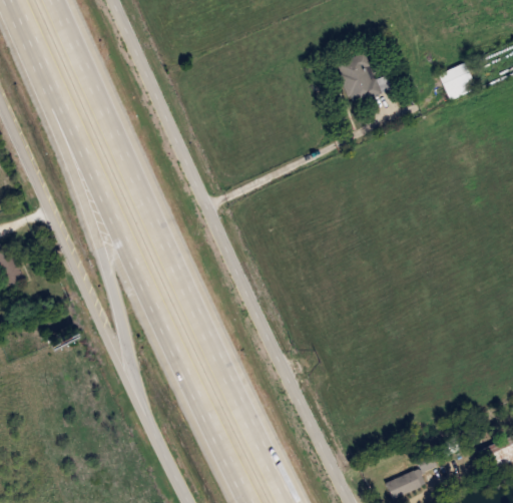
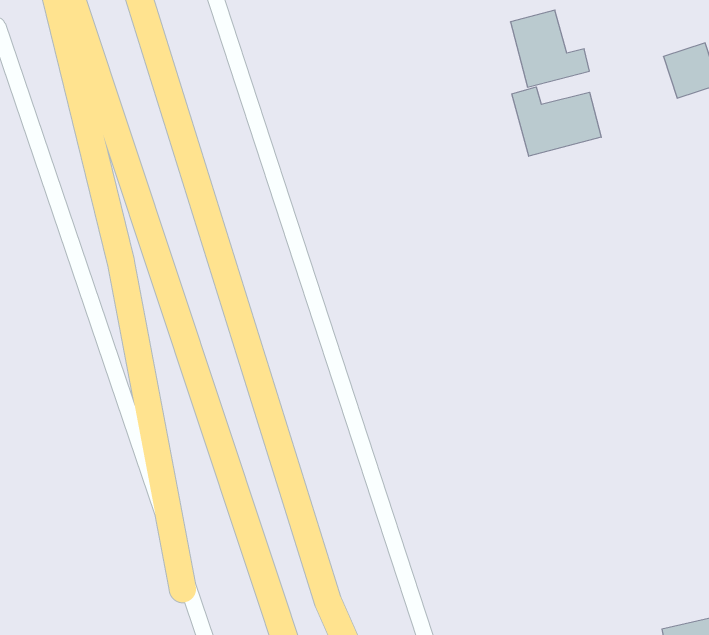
building: none -> [512,87,601,156]

